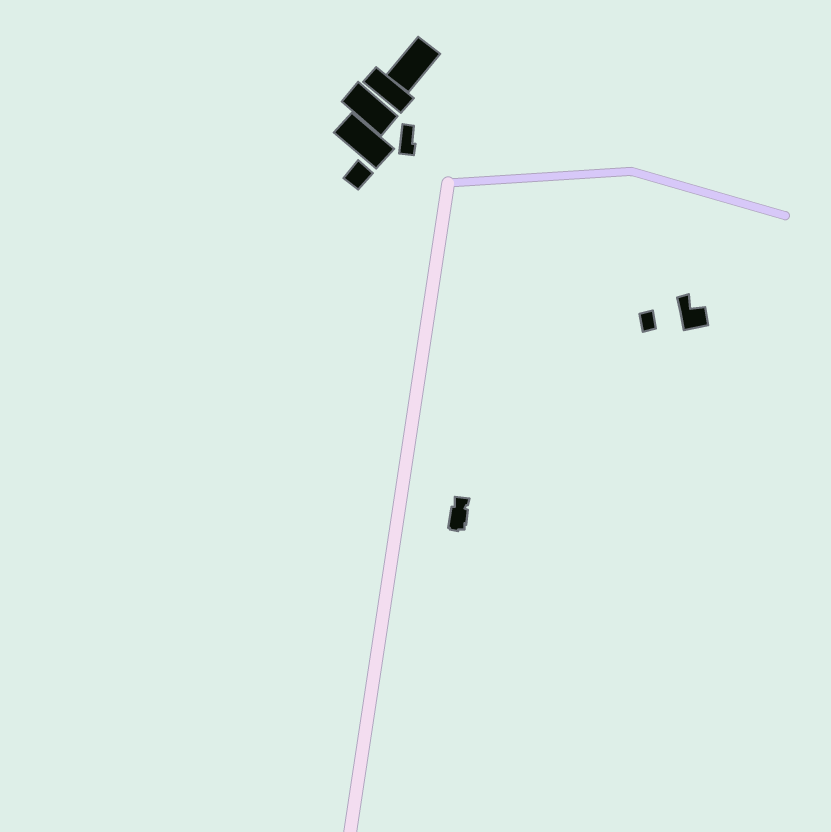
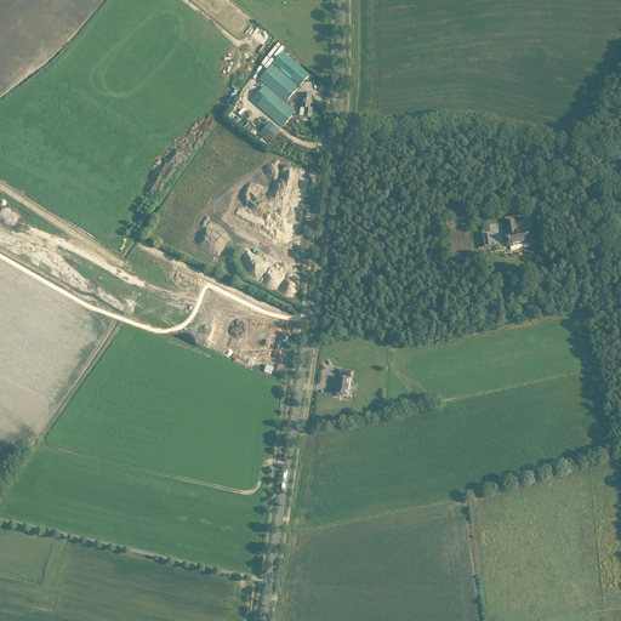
building: [386,37,440,92] -> none

